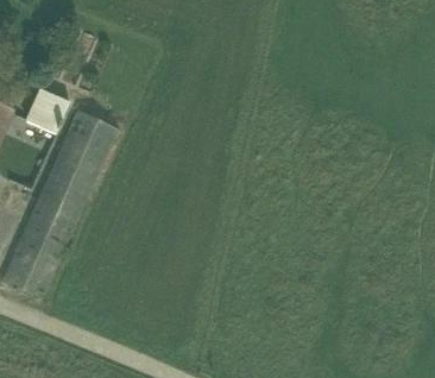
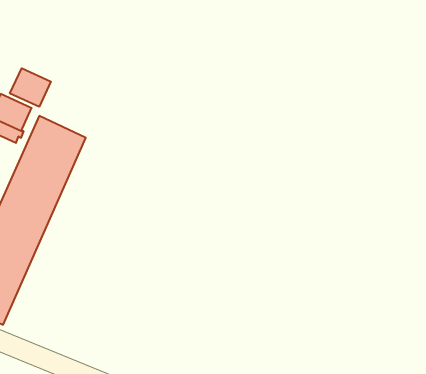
building: none -> [10,68,51,107]

